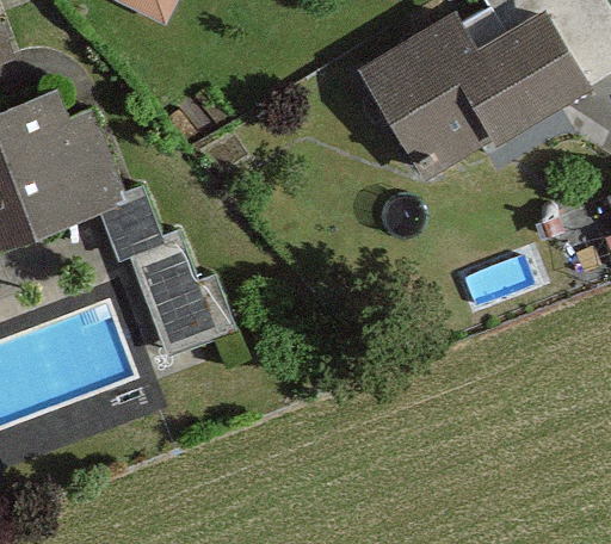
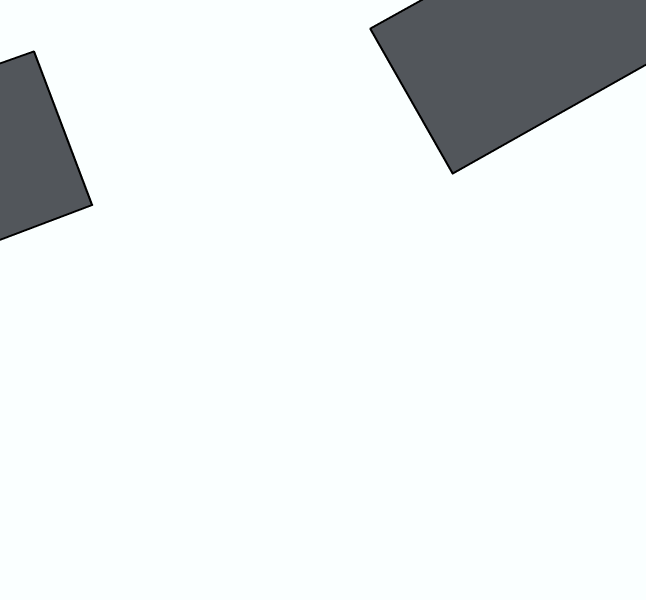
building: [136,229,218,341] -> none

